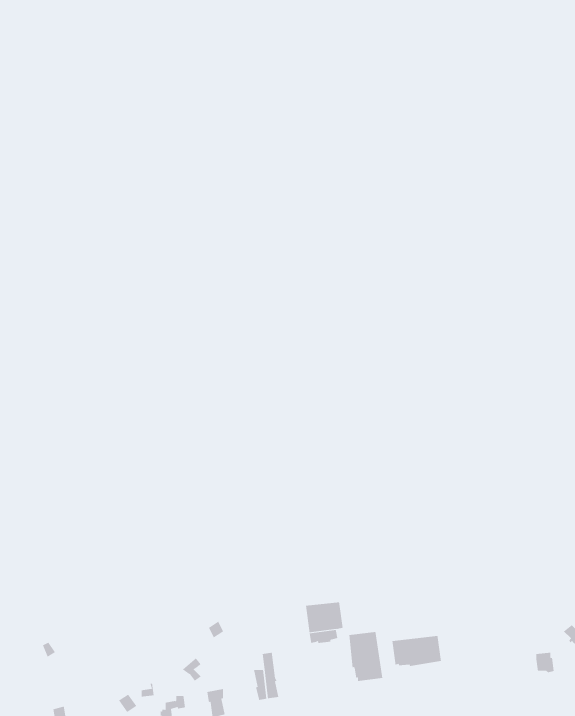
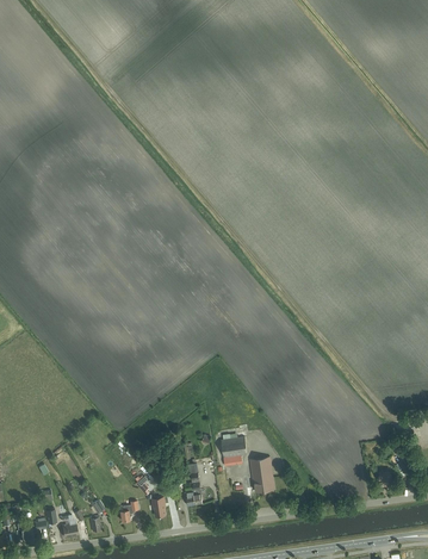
building: [392,635,442,667] -> none

